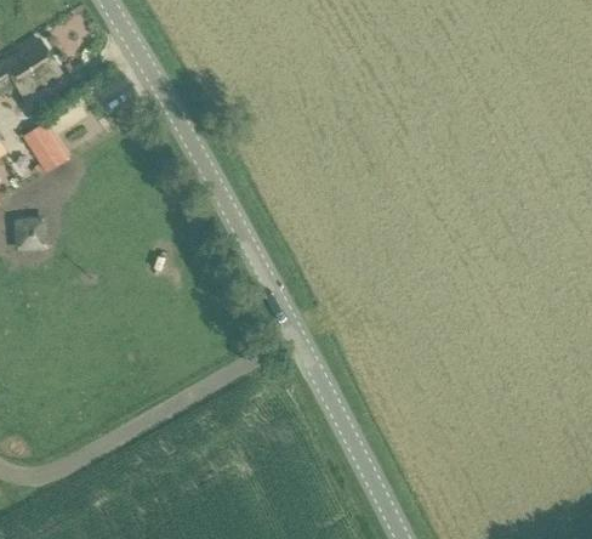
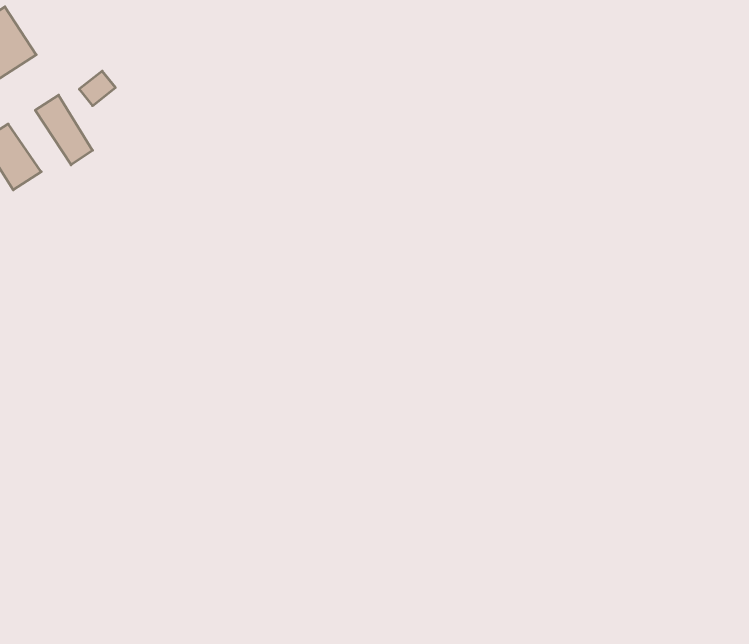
building: none -> [35,95,93,165]

